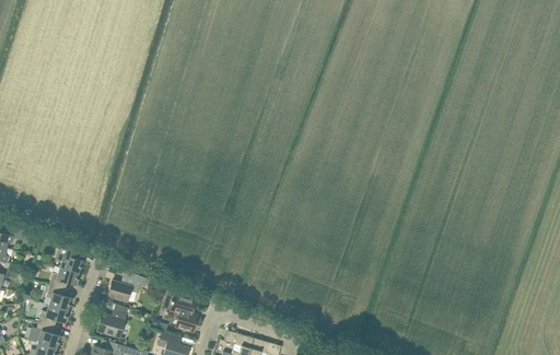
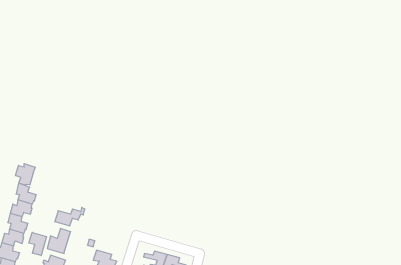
building: none -> [16,164,35,185]
building: [168,295,196,334] -> none
building: none -> [29,232,47,256]

